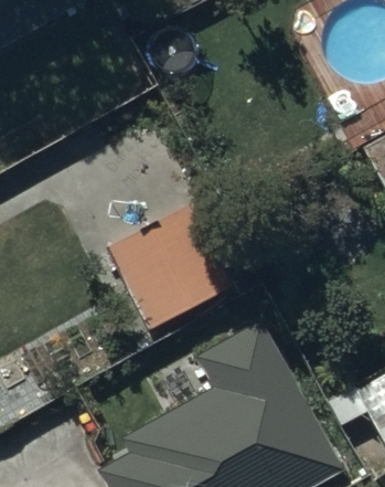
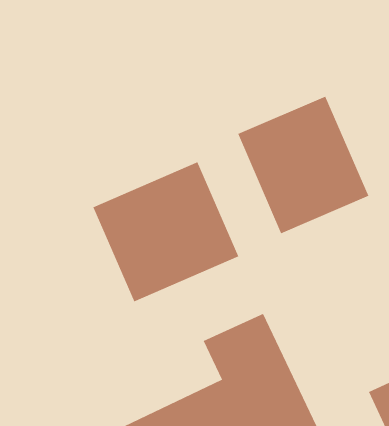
building: none -> [237,96,369,234]

